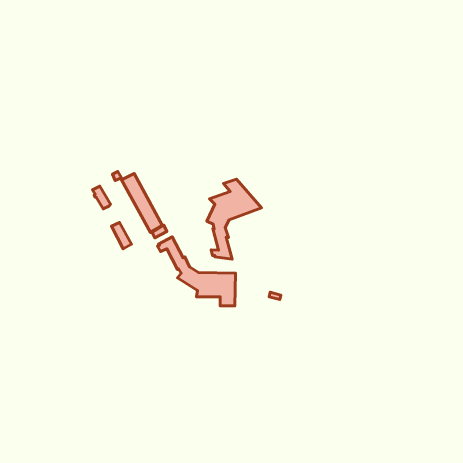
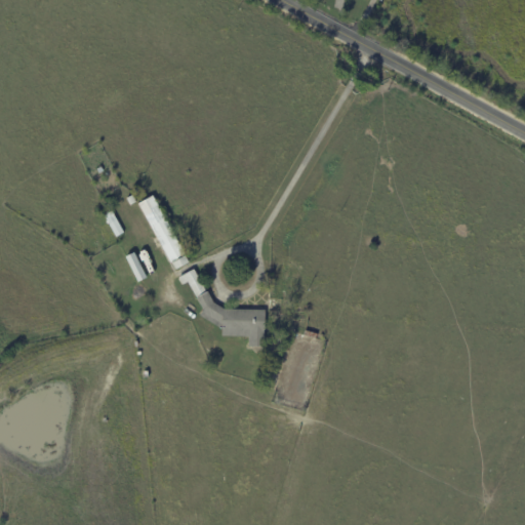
building: [207,179,261,259] -> none

